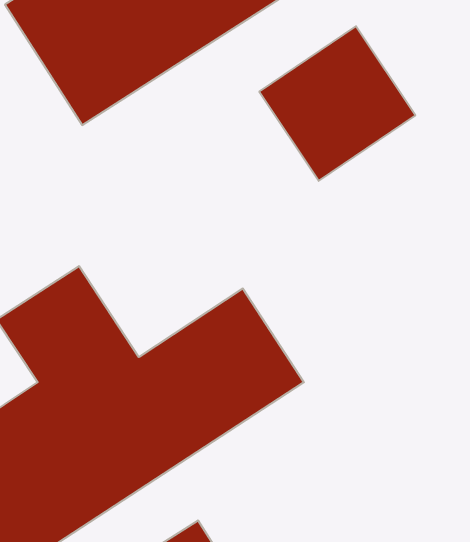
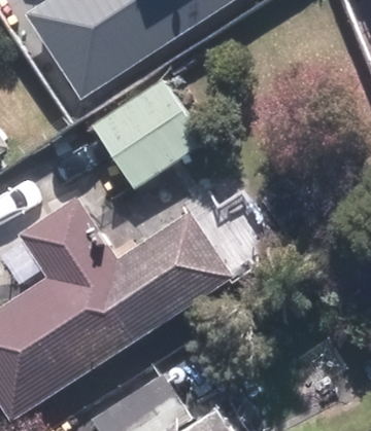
building: [259,26,415,181] -> [93,82,201,189]

